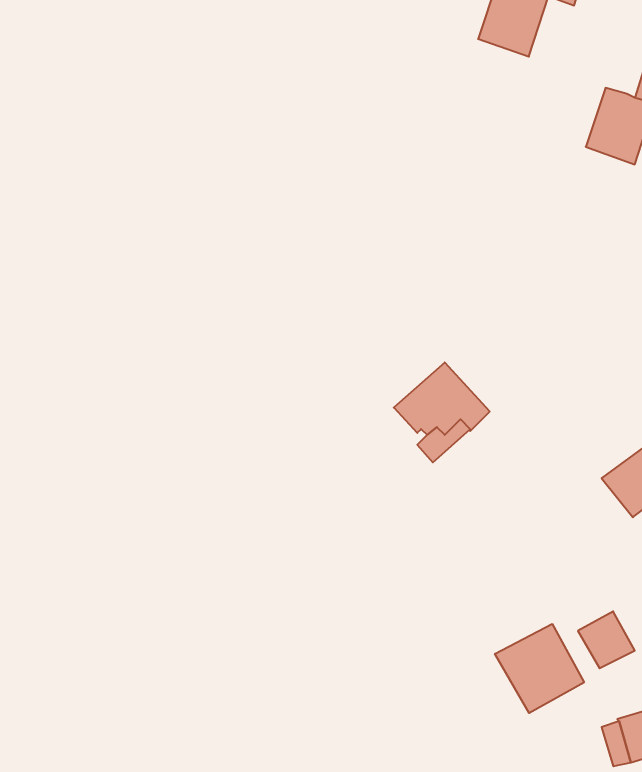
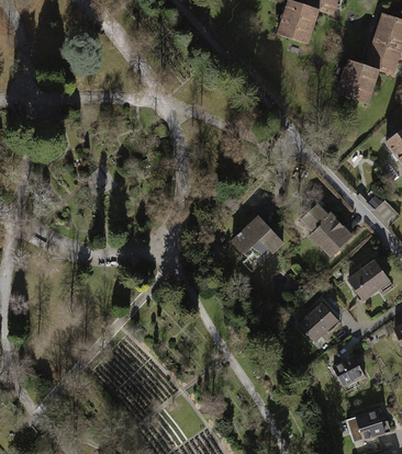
building: none -> [297,200,353,257]
building: none -> [299,300,338,340]
building: [495,624,584,713] -> none

